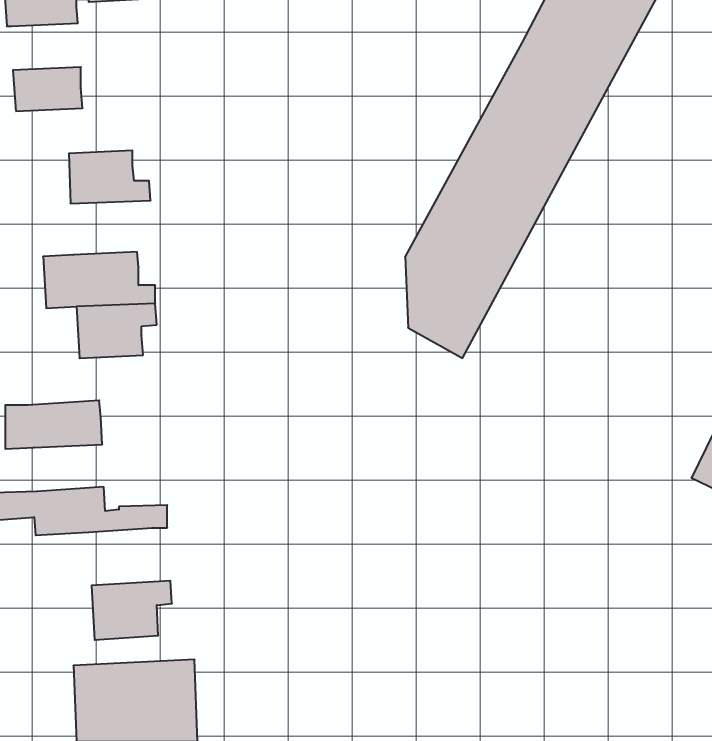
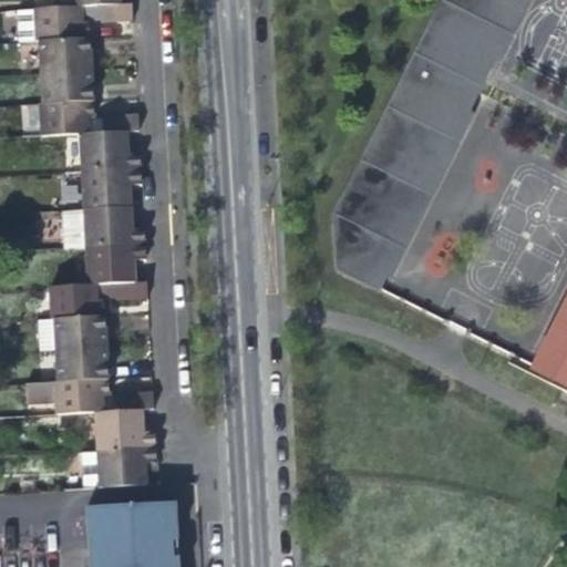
building: none -> [40,38,91,72]
building: none -> [40,100,140,135]
building: none -> [83,167,142,207]
building: none -> [50,280,148,317]
building: none -> [56,346,107,380]
building: none -> [96,406,156,449]

